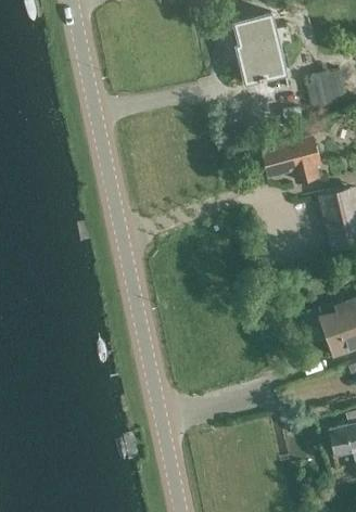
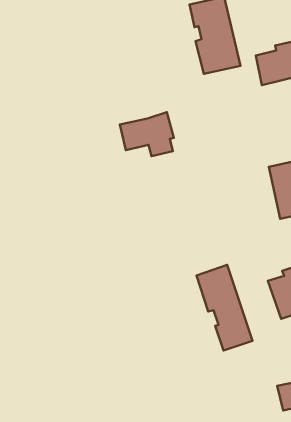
building: [262,135,319,181] -> [120,112,174,156]
building: none -> [197,265,252,350]

